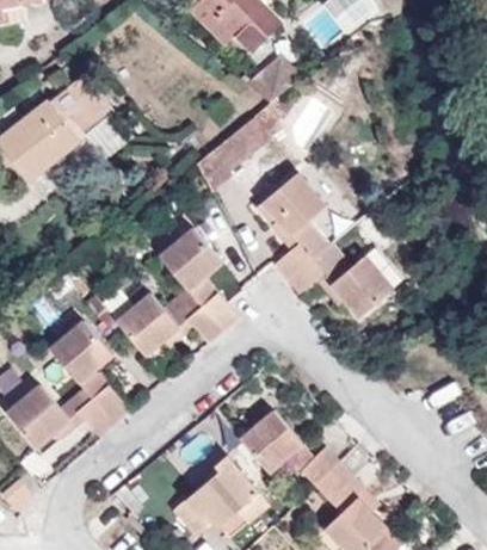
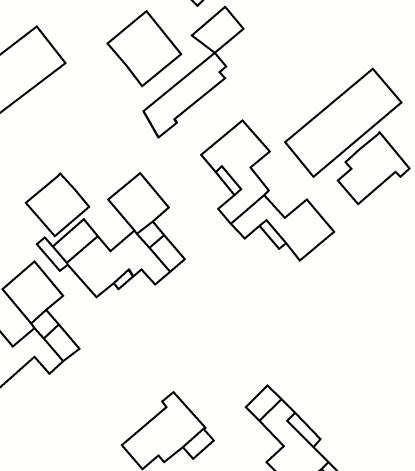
building: none -> [108,11,181,86]
building: none -> [285,69,401,177]
building: none -> [338,132,409,204]
building: none -> [26,173,89,236]
building: [239,410,301,472] -> none

